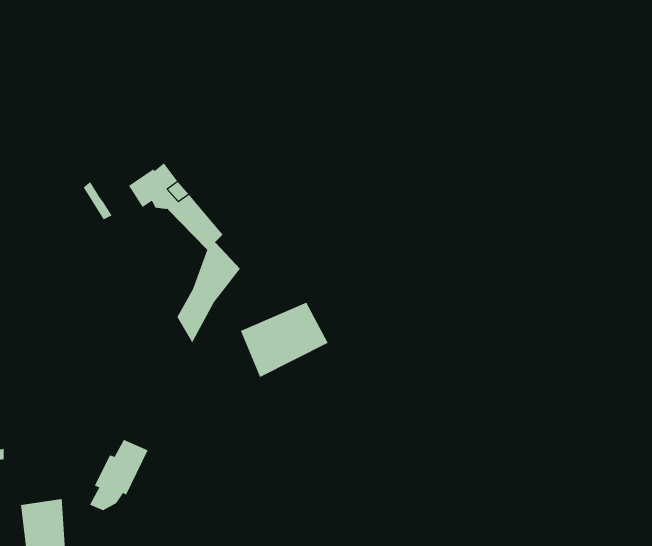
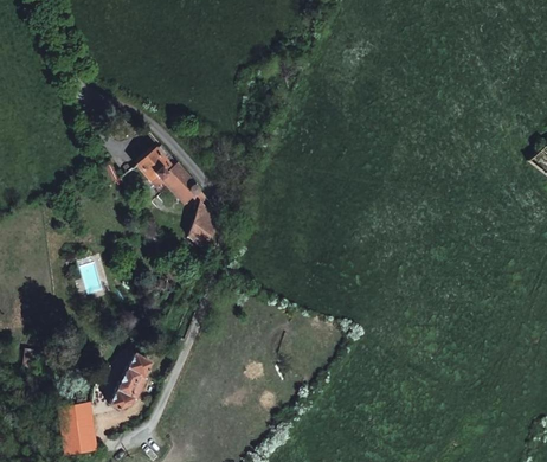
building: [240,302,329,378] -> none

